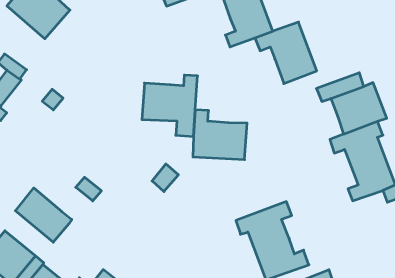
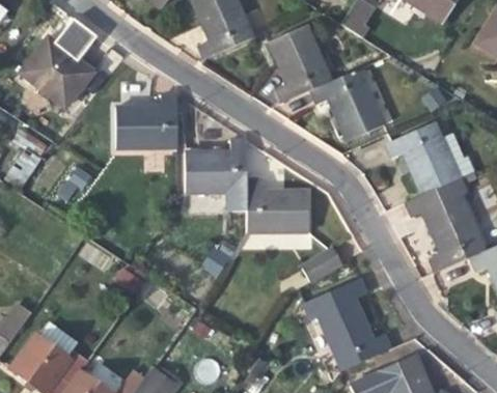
building: none -> [116,94,178,149]
building: none -> [301,246,344,283]
building: [15,188,72,242] -> none

